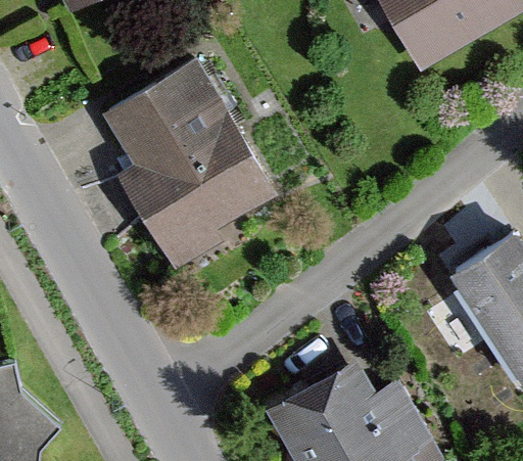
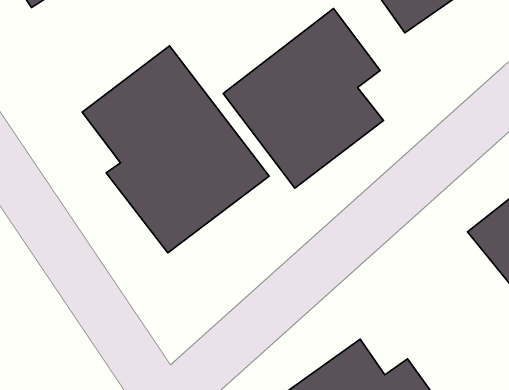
building: none -> [223,9,383,188]

